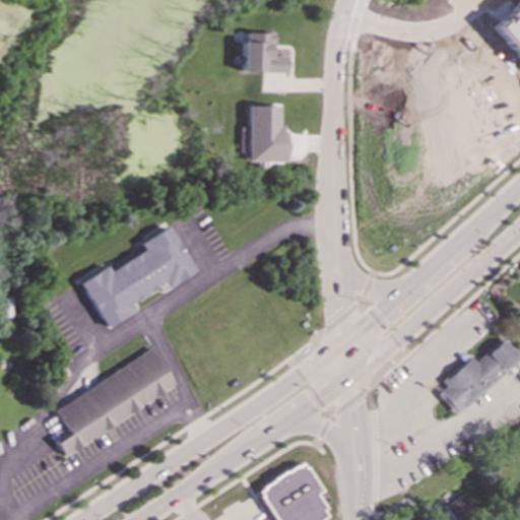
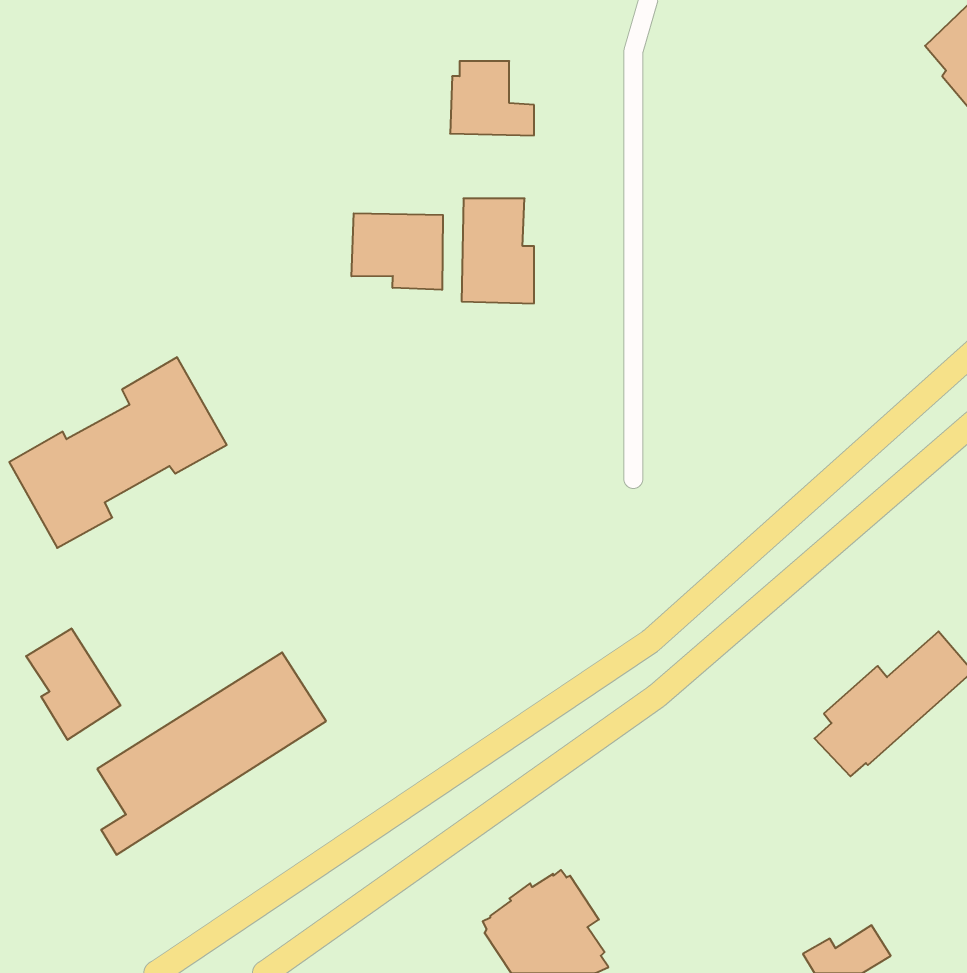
building: none -> [352,213,443,290]
building: [81,225,197,327] -> [9,357,227,548]
building: none -> [26,628,120,740]

